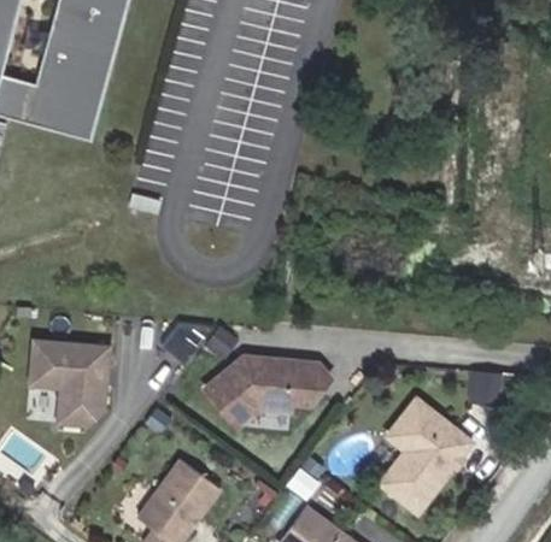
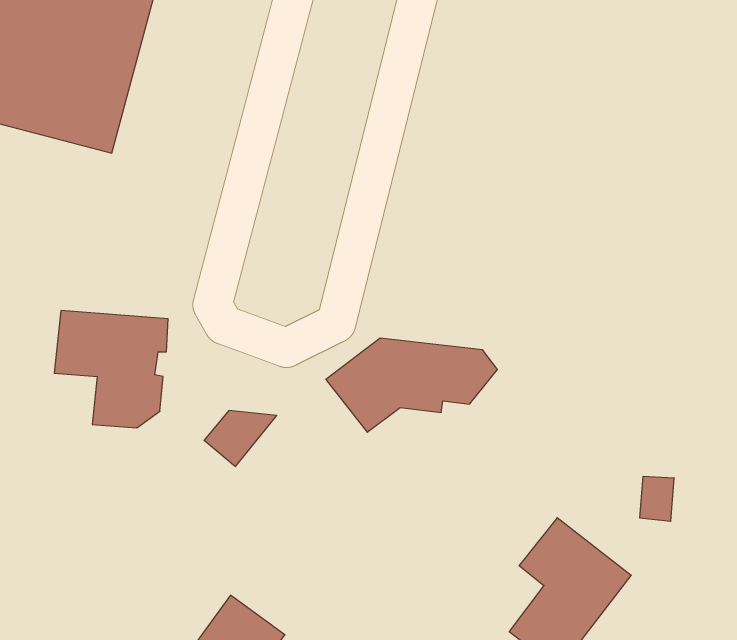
building: [25,340,109,425] -> [54,311,168,428]
building: [203,354,328,423] -> [326,338,497,432]

